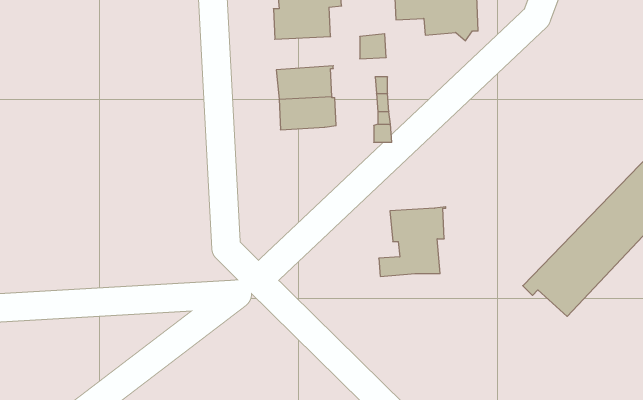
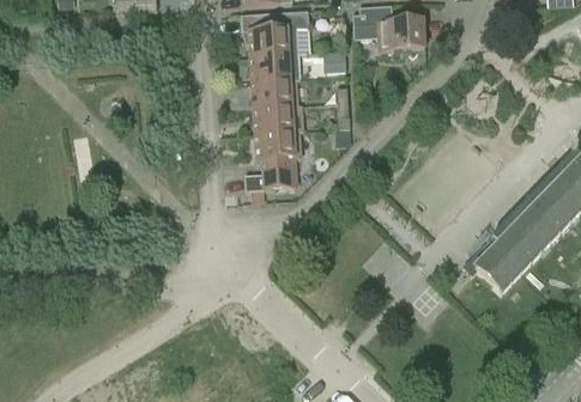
building: none -> [249,54,299,83]
building: [379,207,446,276] -> [244,130,302,190]

